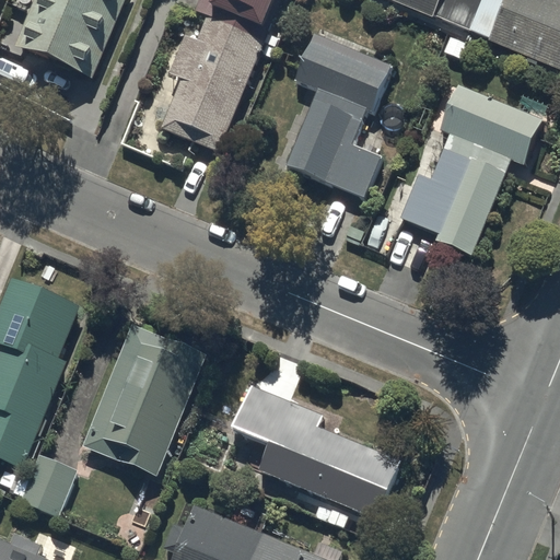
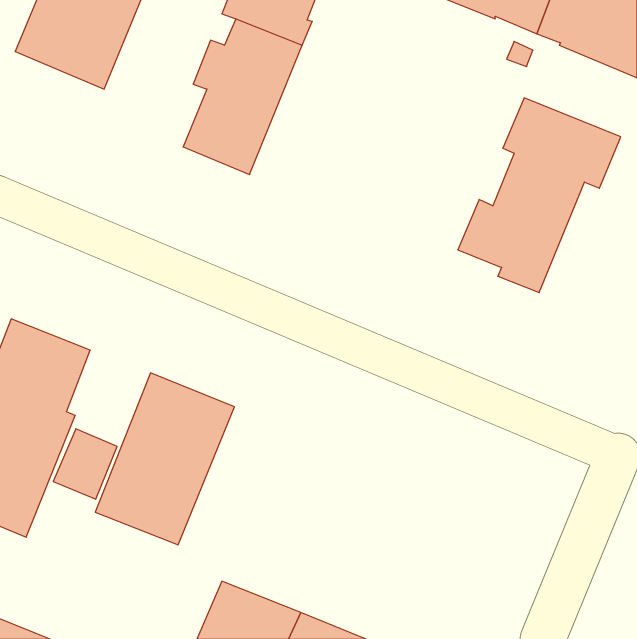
building: [285,34,389,197] -> none
building: [234,386,400,517] -> none
building: [20,456,75,517] -> [53,429,117,499]

